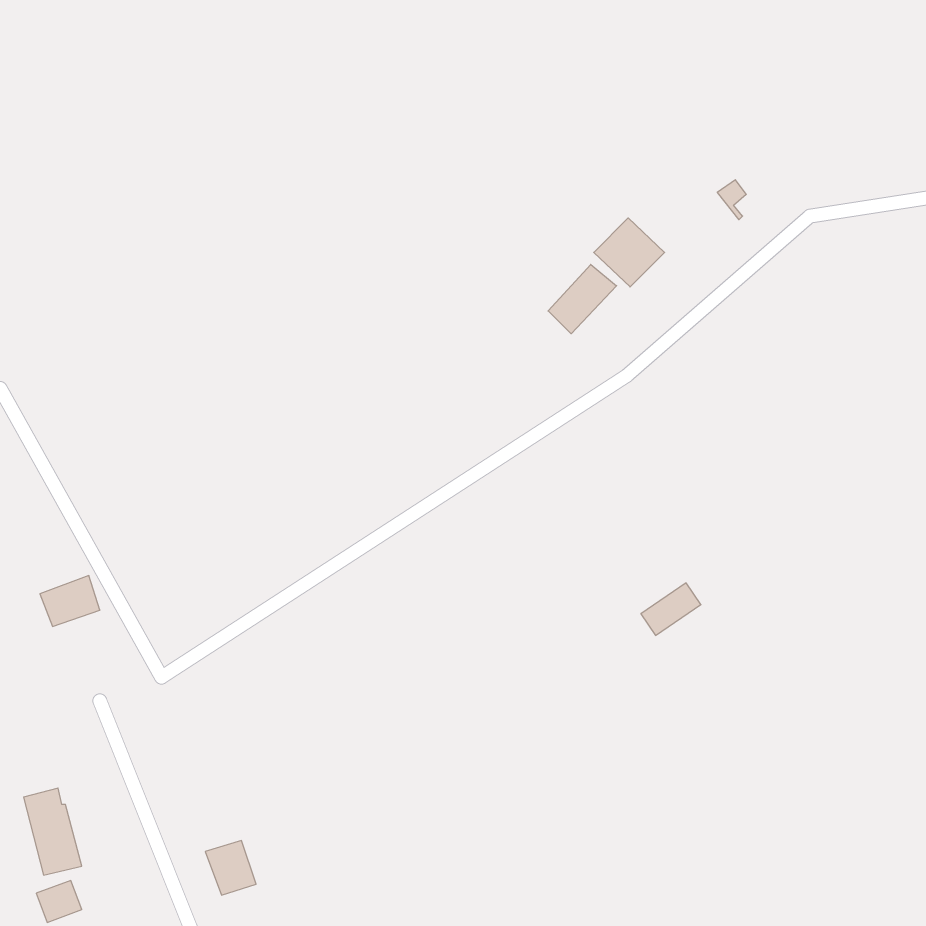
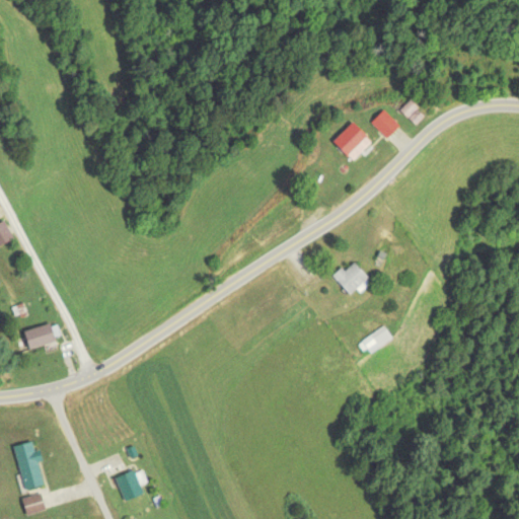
building: none -> [371,109,399,138]
building: [548,264,617,334] -> none
building: none -> [333,261,368,294]

